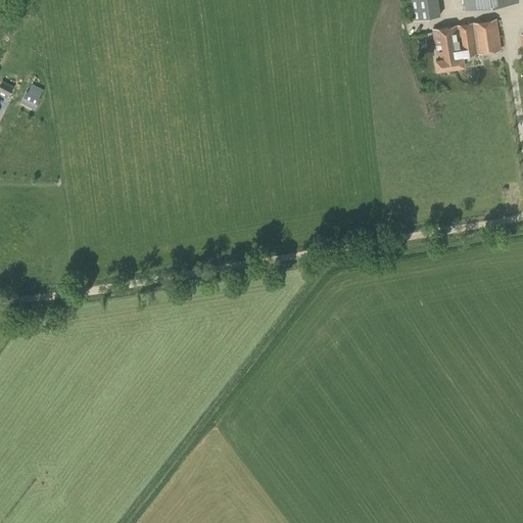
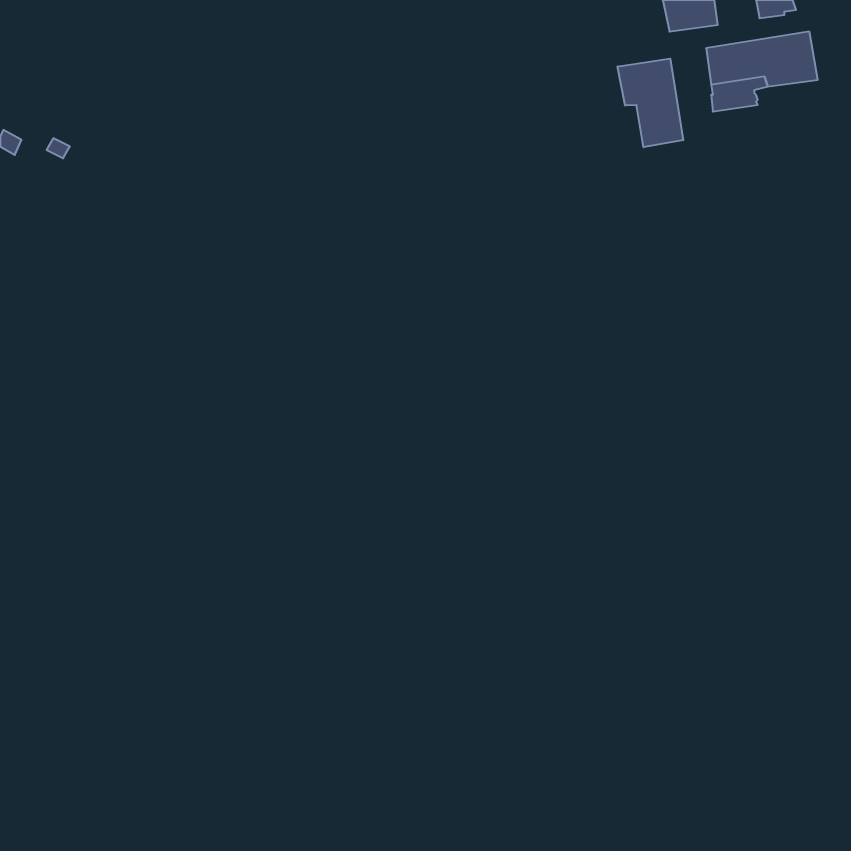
building: none -> [618,59,683,147]

